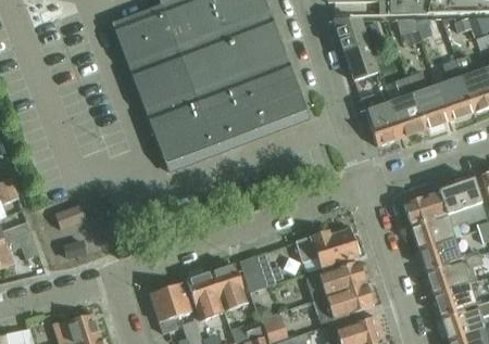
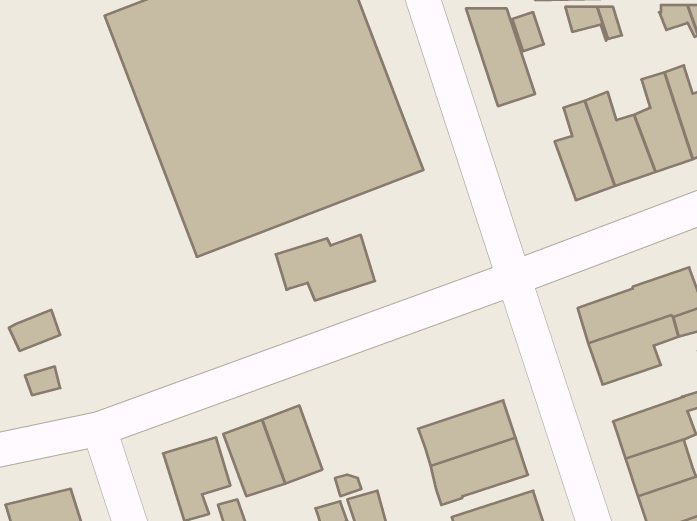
building: [360,92,402,145] -> none
building: [296,228,356,268] -> [276,235,375,300]
building: [418,238,468,272] -> none
building: [238,252,283,292] -> none

